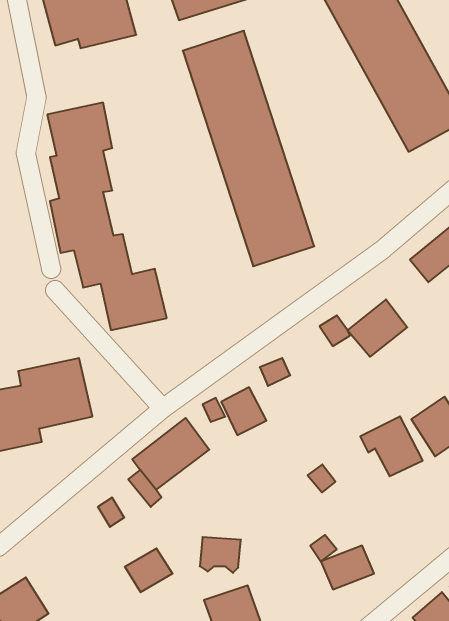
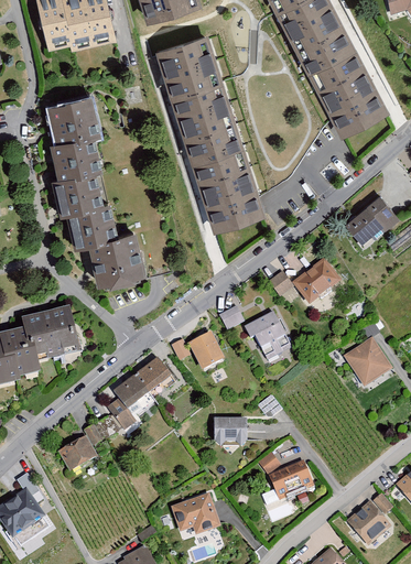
building: [360,416,423,476] -> [242,310,294,359]
building: [200,537,241,573] -> [213,417,247,447]
building: [125,548,173,592] -> [58,436,98,473]

